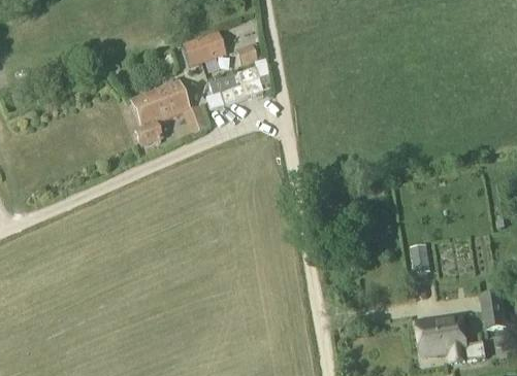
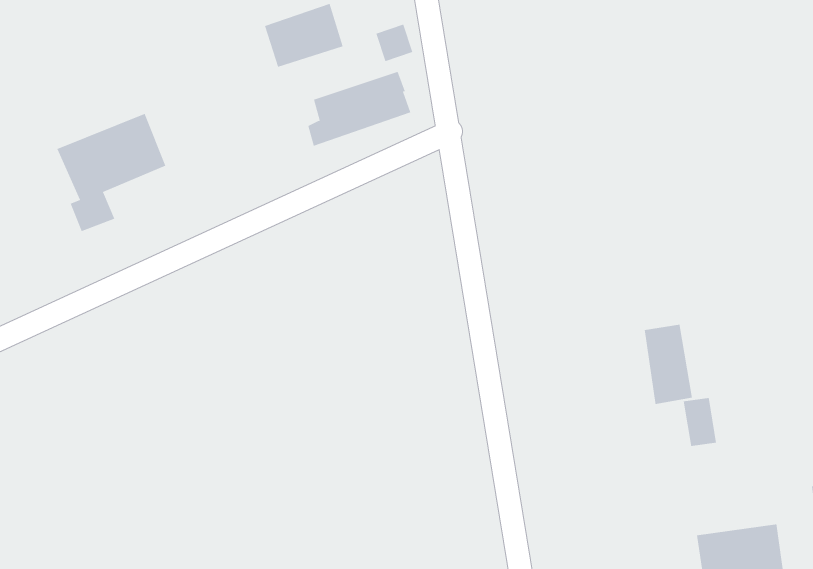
building: [129,78,189,143] -> [57,113,166,232]
building: none -> [644,324,692,405]

